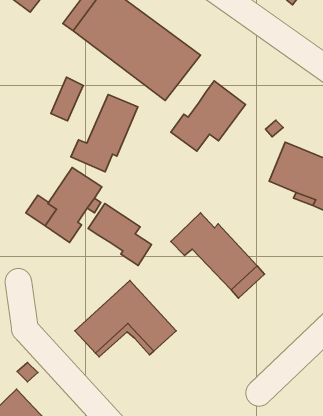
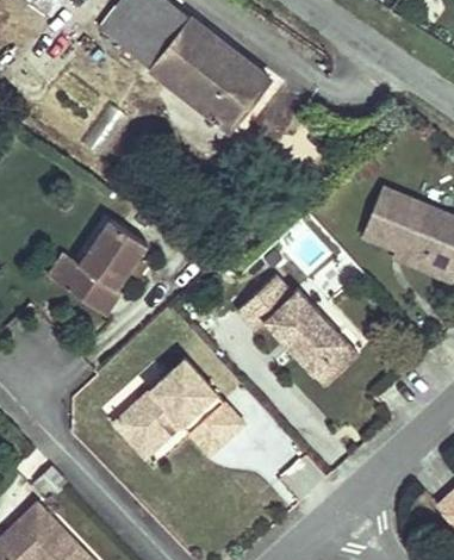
building: [171,81,245,151] -> none
building: [71,94,138,172] -> none
building: [88,203,151,266] -> none

